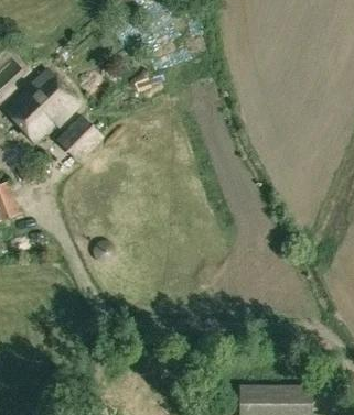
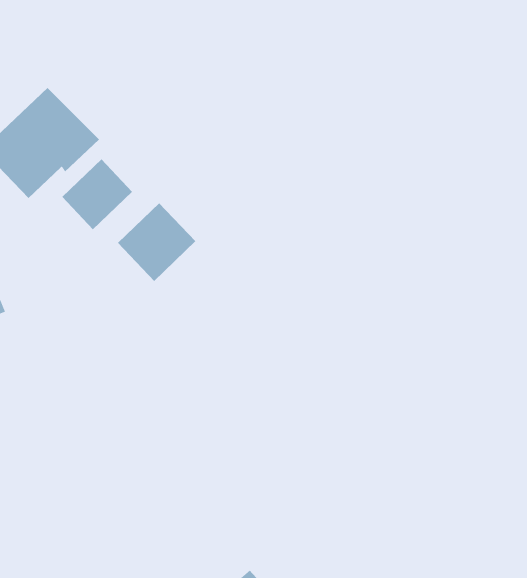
building: none -> [117,202,196,282]

